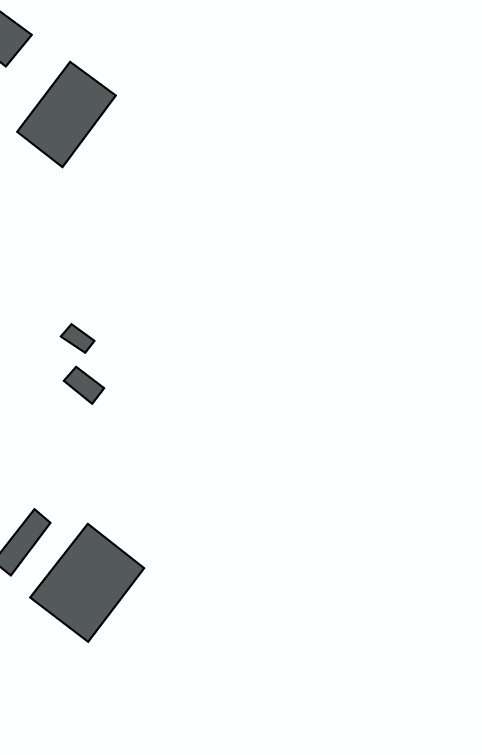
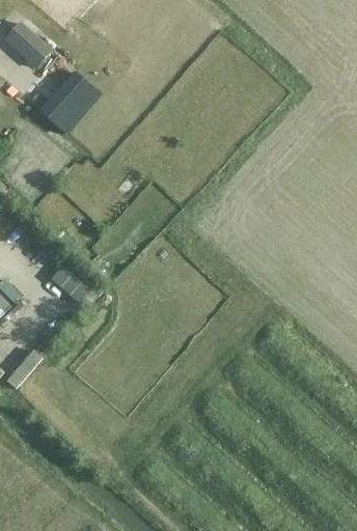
building: [30,524,144,642] -> none

